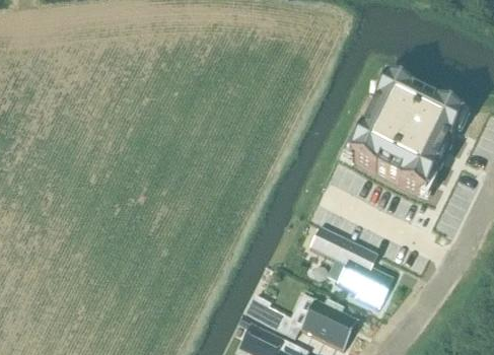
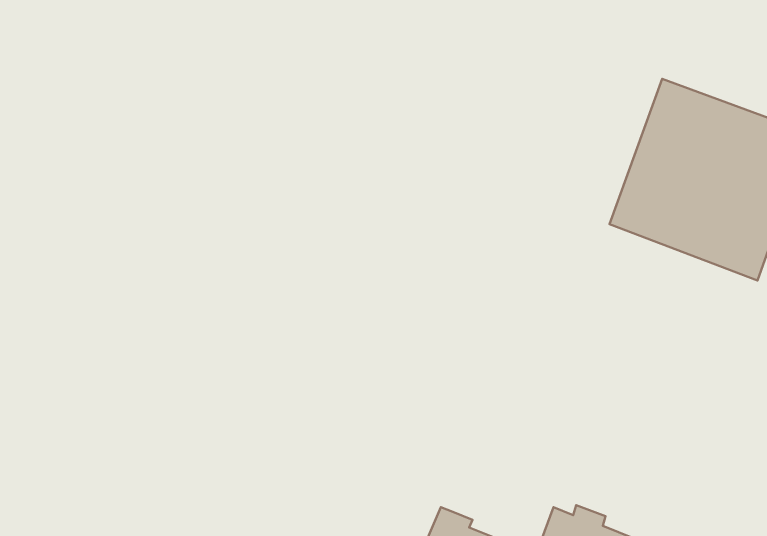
building: [306,226,392,309] -> none

